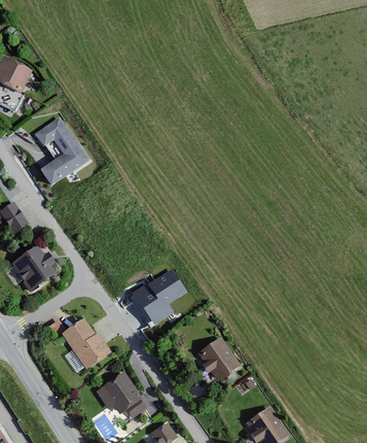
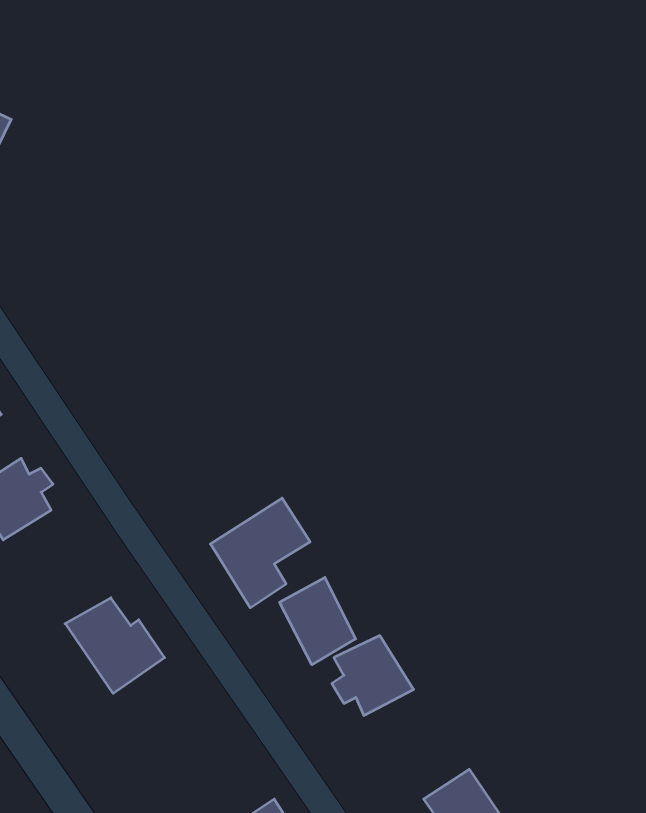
building: [33,118,89,186] -> none
building: none -> [280,577,356,665]
building: [96,372,146,417] -> none

